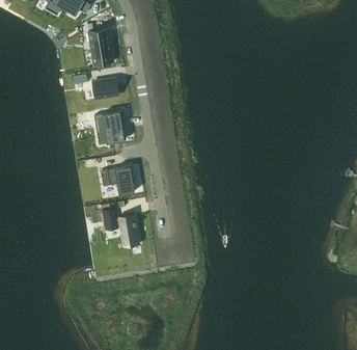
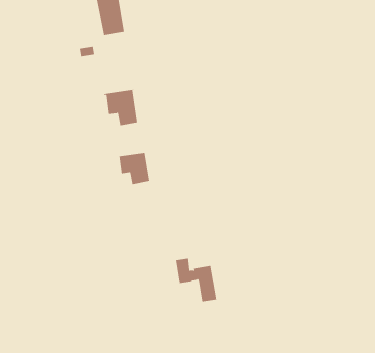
building: [92,78,118,99] -> none
building: [102,208,139,246] -> [174,258,217,302]

